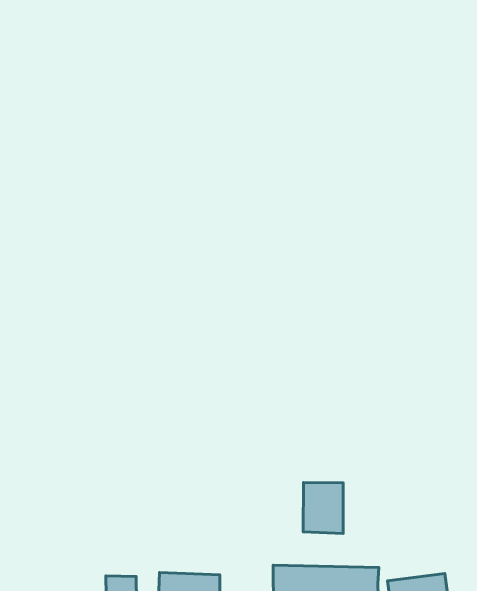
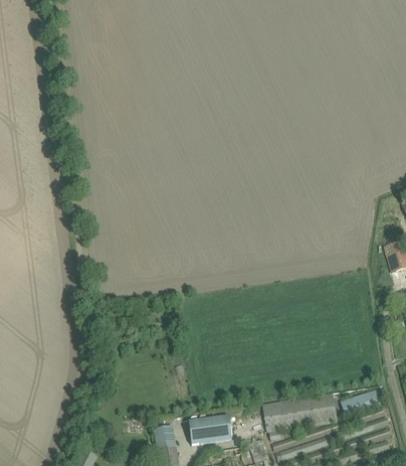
building: [303,483,343,534] -> none

